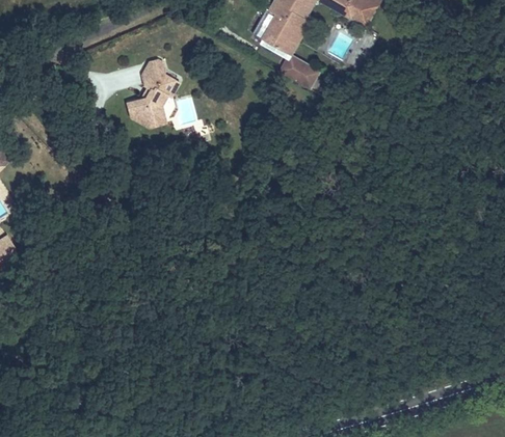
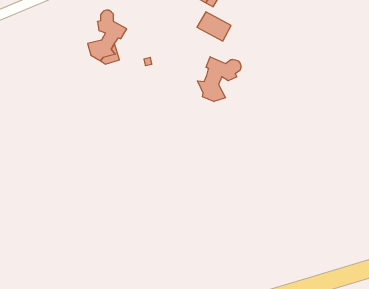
building: none -> [197,57,241,102]

